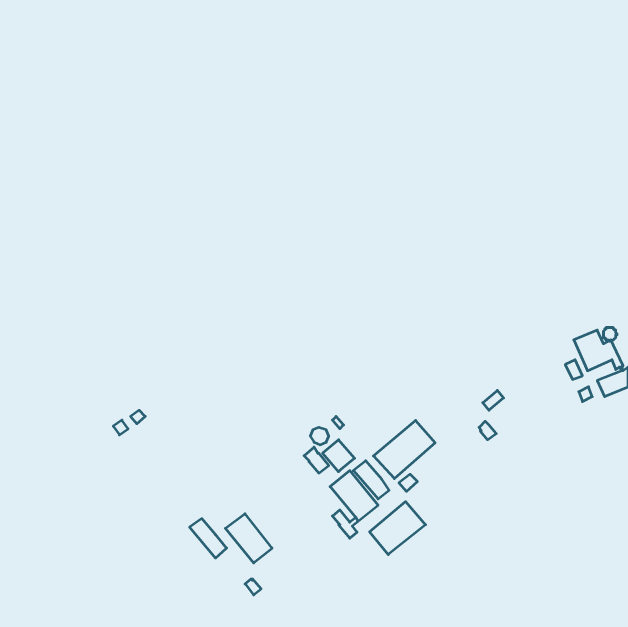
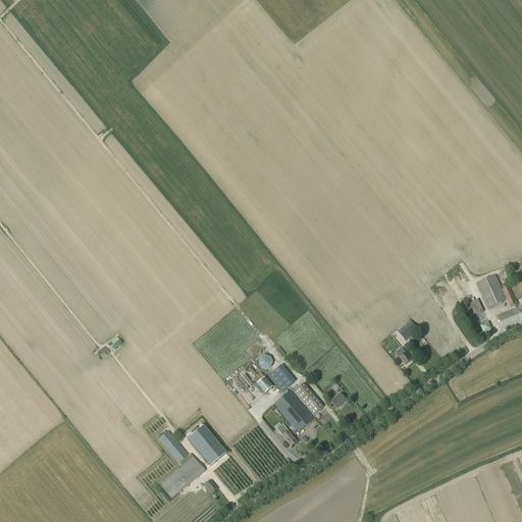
building: [373,420,435,479] -> none
building: [370,502,426,555] -> none
building: none -> [159,453,204,498]

